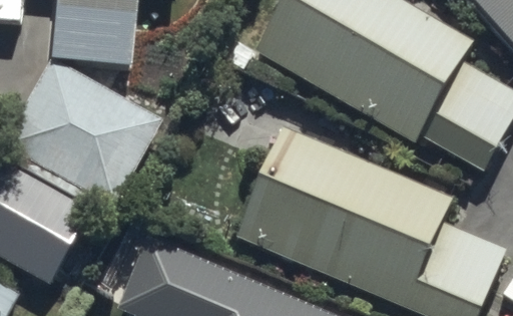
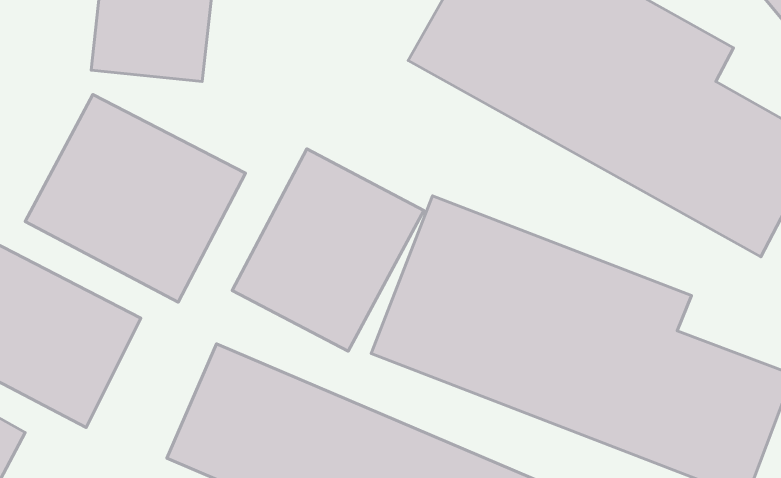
building: none -> [232,149,424,351]

